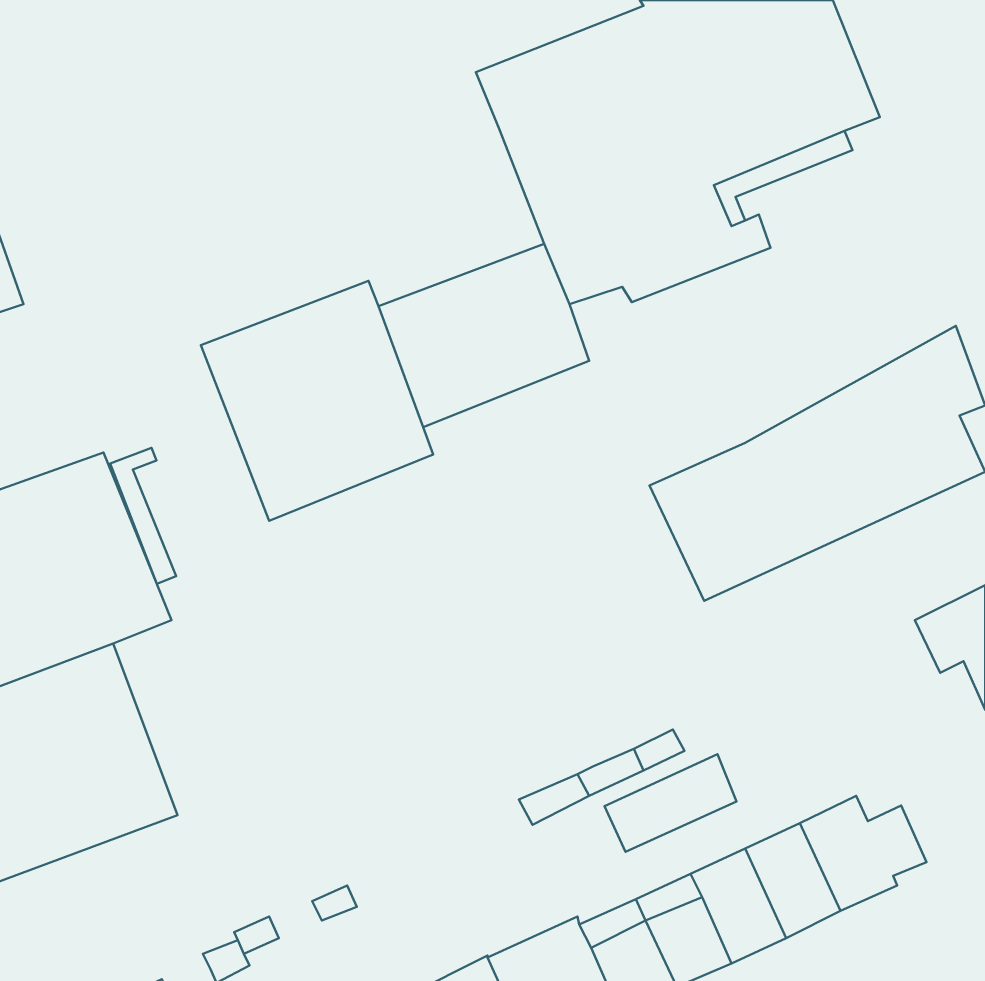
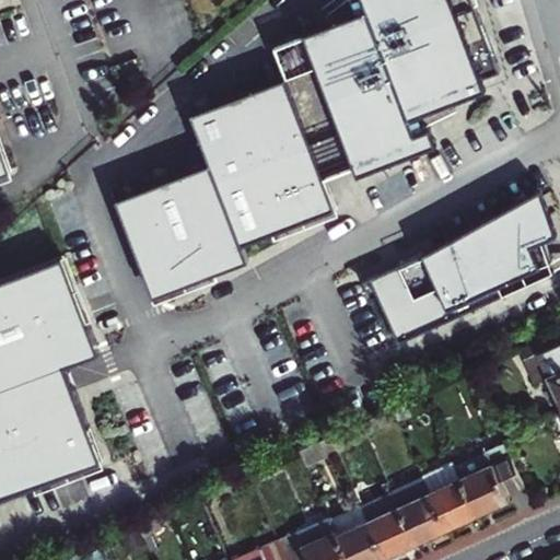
building: none -> [188,81,305,180]
building: [110,448,176,584] -> none
building: [604,754,737,852] -> none

